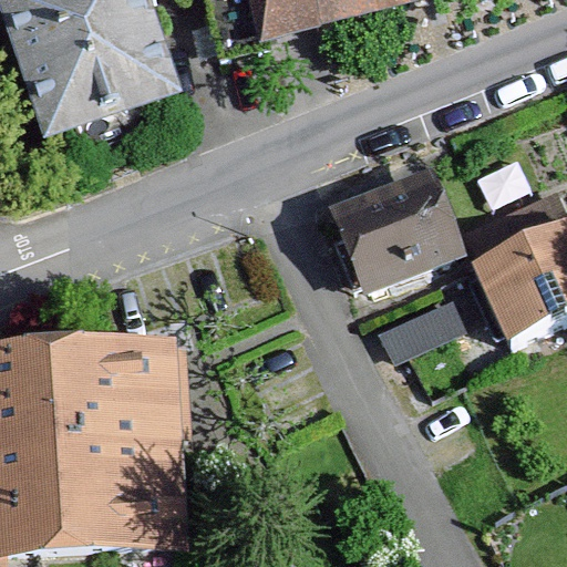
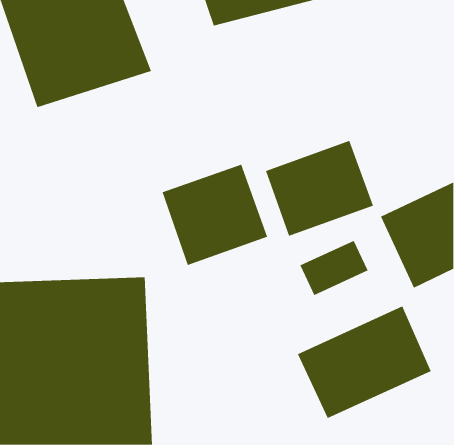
building: none -> [162,164,268,266]
building: none -> [297,305,432,419]

